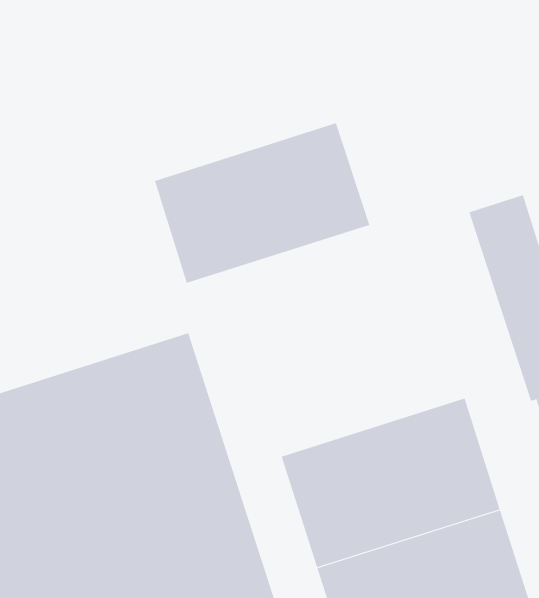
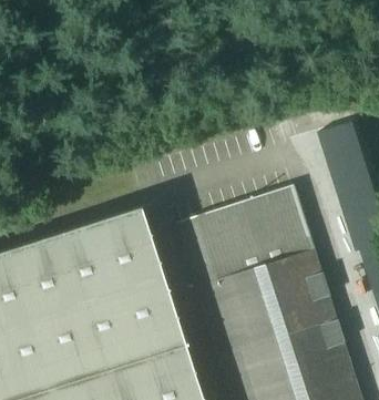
building: [154,122,370,283] -> [181,186,316,287]

